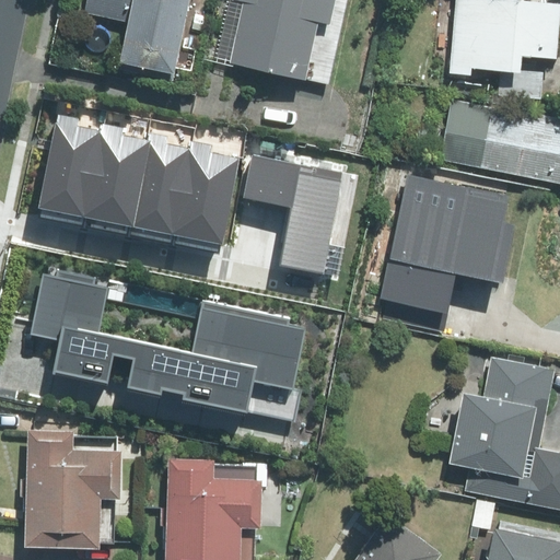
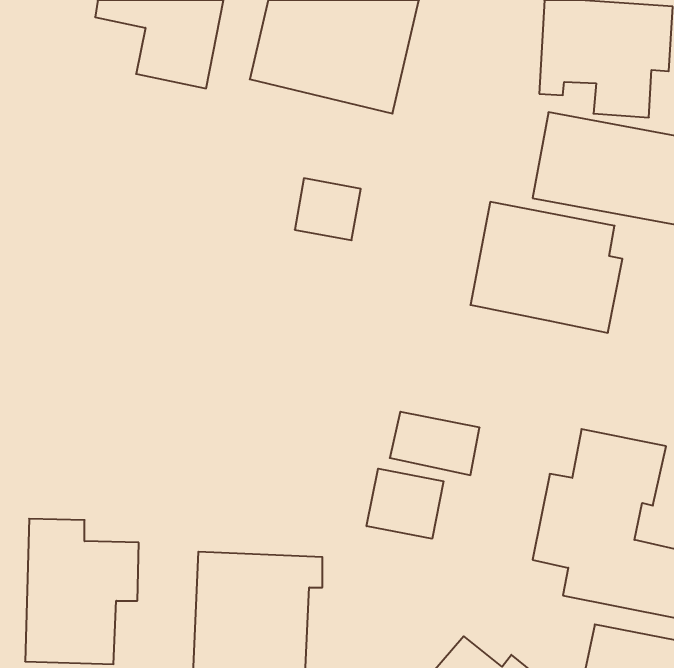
building: [39,115,245,244] -> none
building: [281,162,343,271] -> none
building: [382,258,456,311] -> [390,412,480,475]
building: [31,269,307,419] -> none
building: none -> [367,469,444,539]

